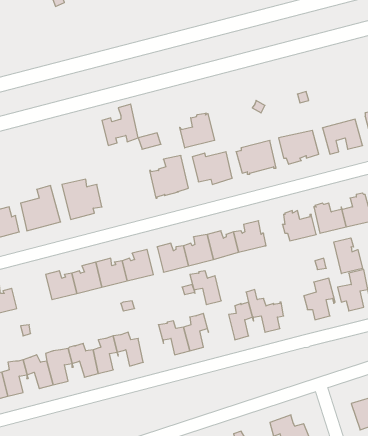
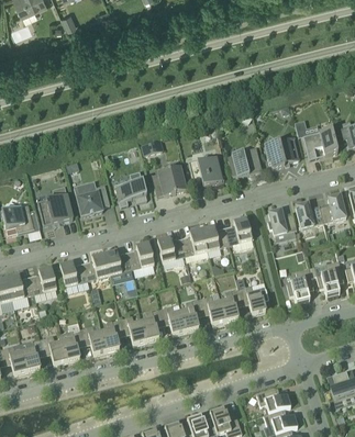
building: [102,104,138,145] -> [114,169,146,205]
building: [180,113,215,148] -> none
building: [334,238,363,274] -> none
building: [190,271,221,305] -> [198,294,225,324]
building: none -> [30,266,56,293]
building: none -> [141,307,163,340]

